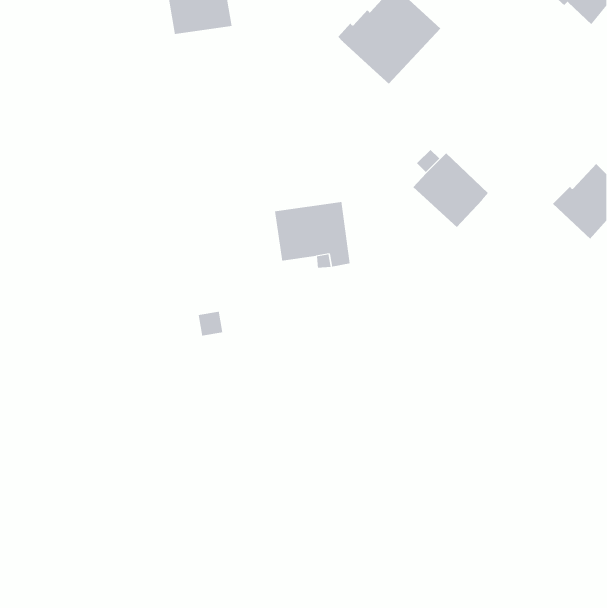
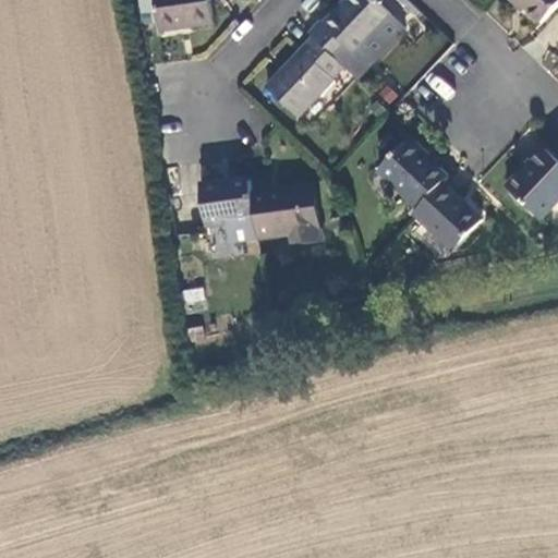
building: none -> [266,38,342,117]
building: none -> [199,179,257,243]
building: none -> [412,183,481,251]

